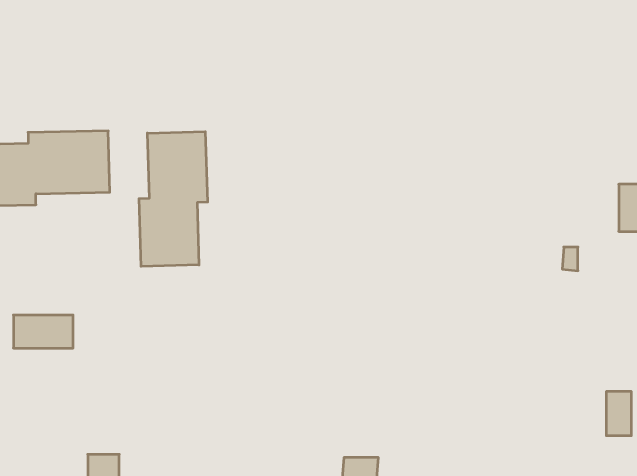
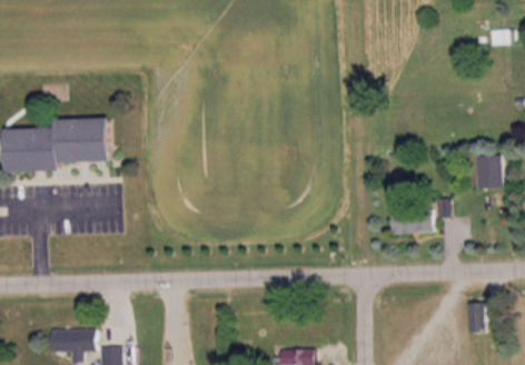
building: [139,132,208,266] -> none
building: none -> [393,209,435,233]
building: [13,315,73,348] -> [50,329,92,353]

